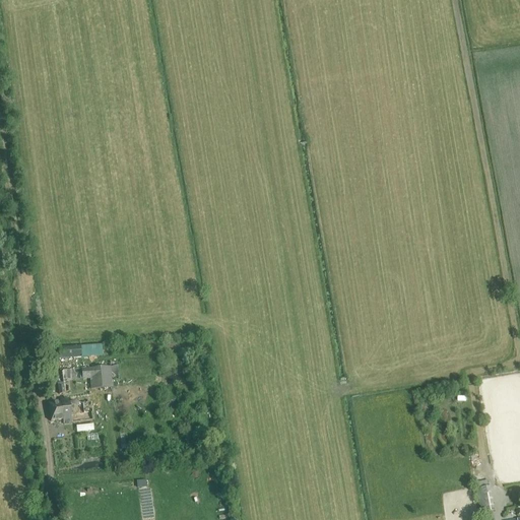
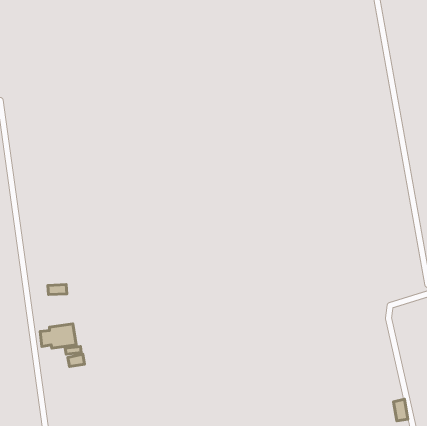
building: [82,366,114,388] -> none

